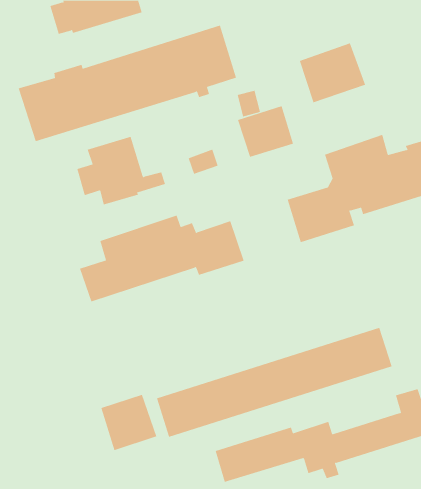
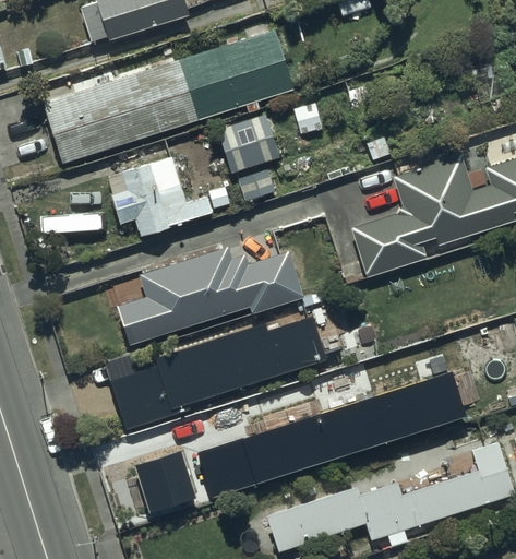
building: [299,42,366,103] -> none
building: [237,106,294,157] -> [215,114,279,173]
building: none -> [110,314,324,429]

